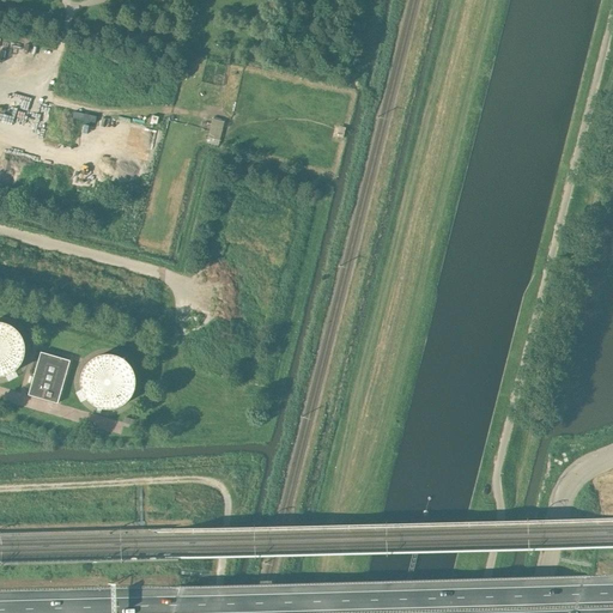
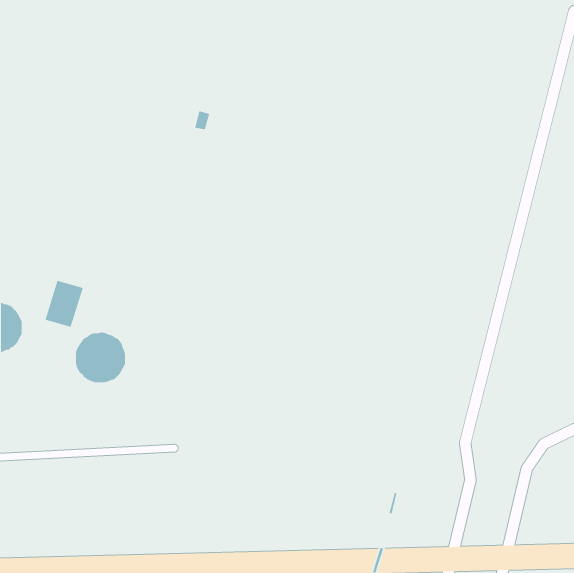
building: [28,351,69,402] -> [44,280,84,328]

